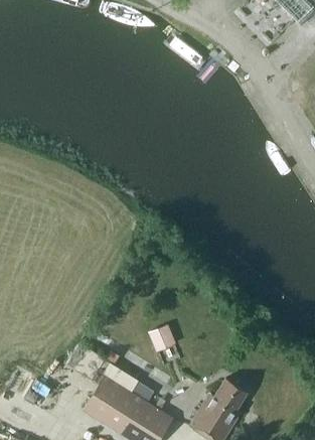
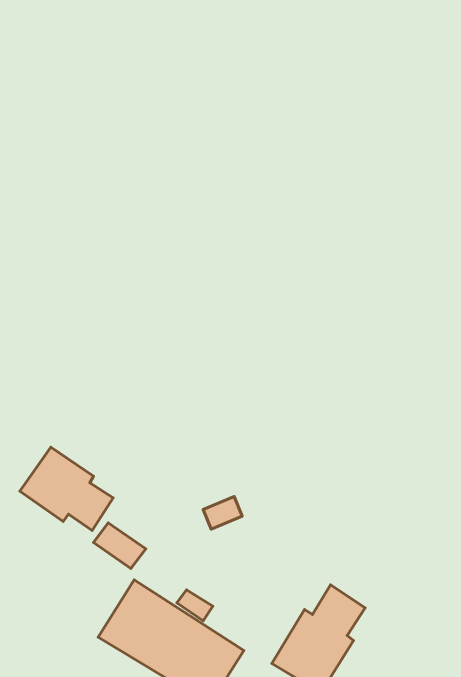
building: none -> [20,447,113,531]

